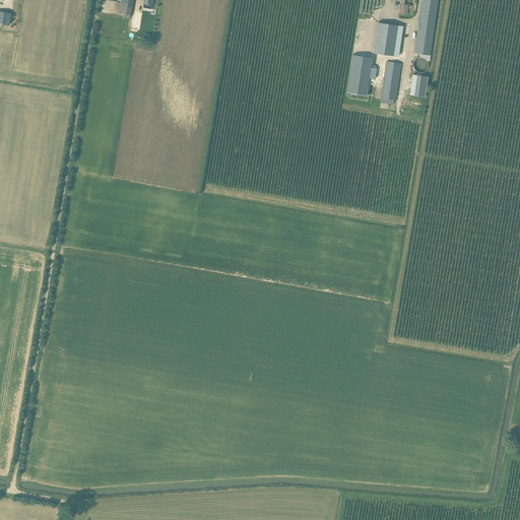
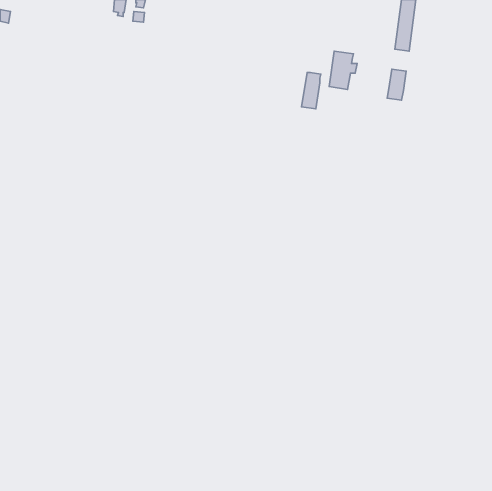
building: [374,21,398,55] -> none
building: [381,61,401,100] -> [302,72,321,109]

